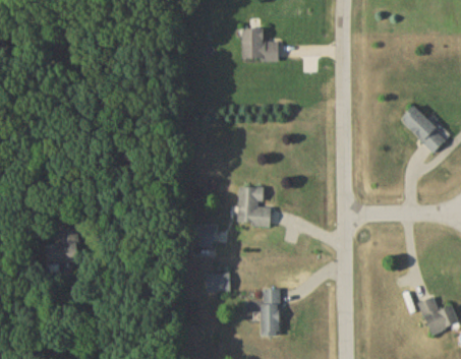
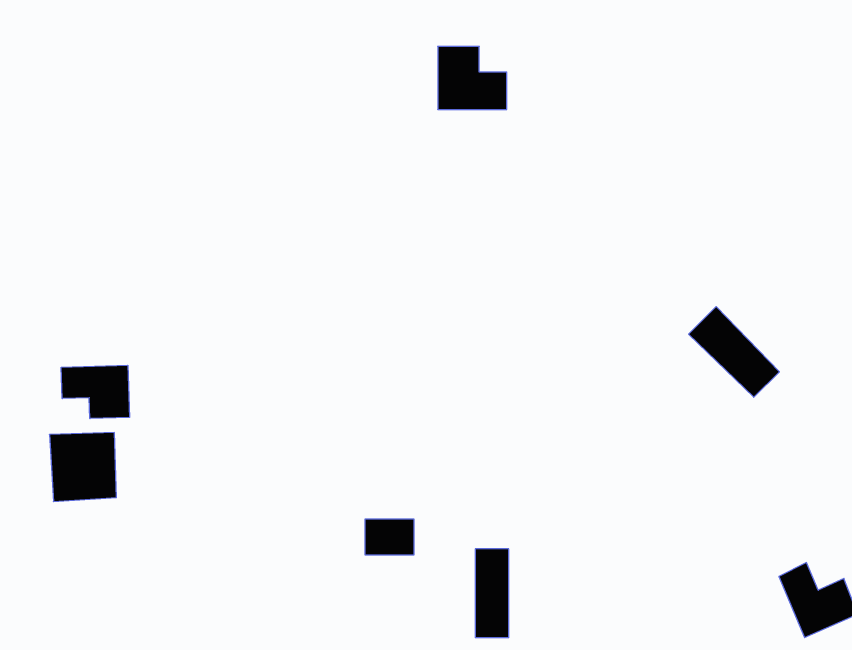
building: [400,106,447,153] -> [689,307,779,397]
building: [237,187,271,227] -> none
building: none -> [61,365,129,419]

